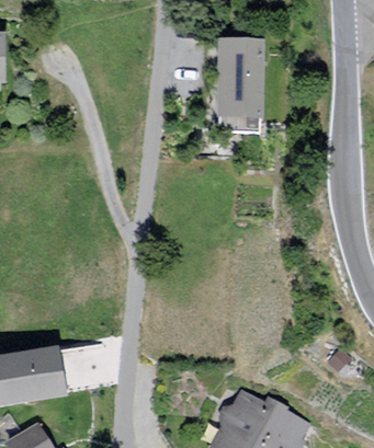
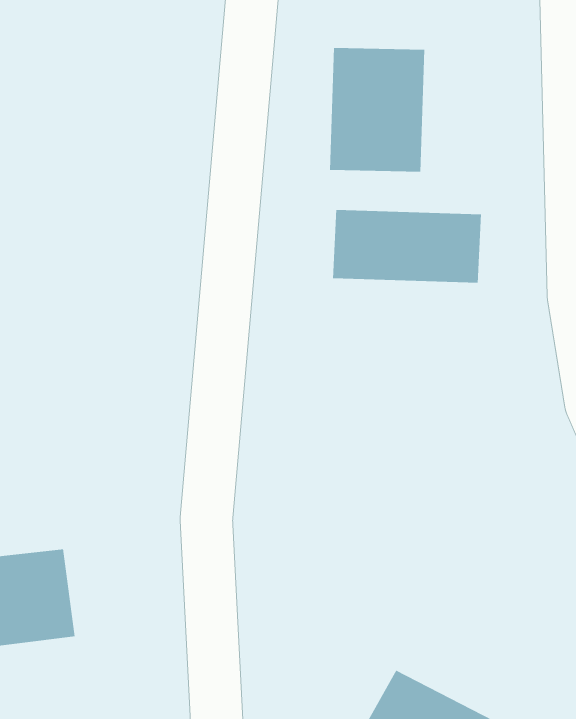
building: none -> [333,209,481,284]

